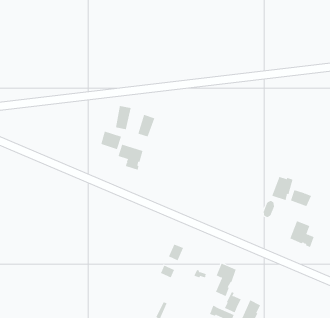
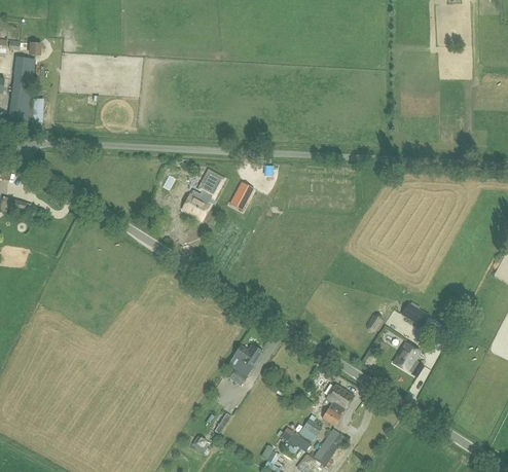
building: [118,144,143,170] -> none
building: [272,176,293,201] -> none
building: [215,263,237,297] -> [322,383,353,425]

